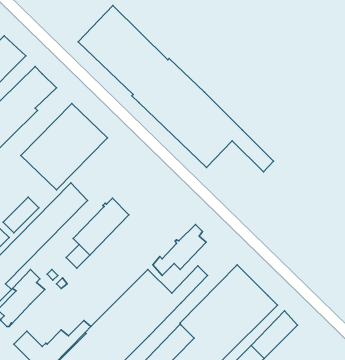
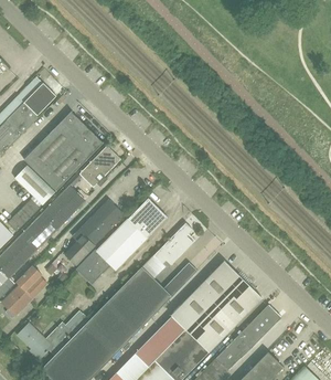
building: [78,6,274,172] -> none
building: none -> [79,147,120,188]
building: none -> [14,166,54,205]
building: none -> [77,198,168,283]

